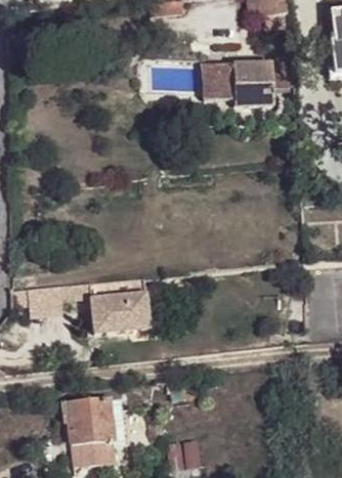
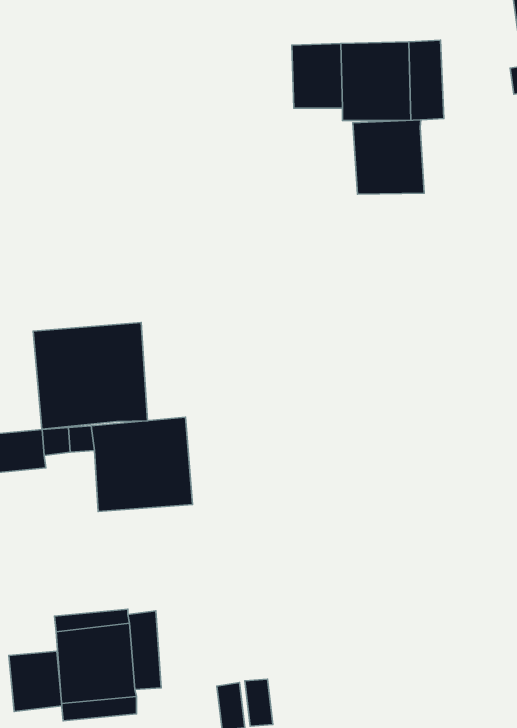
building: none -> [353,120,424,194]
building: none -> [33,323,147,429]
building: none -> [9,651,62,711]

